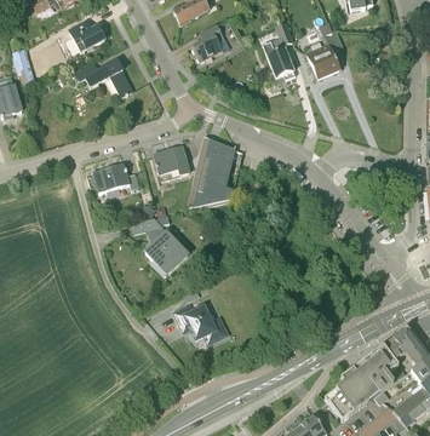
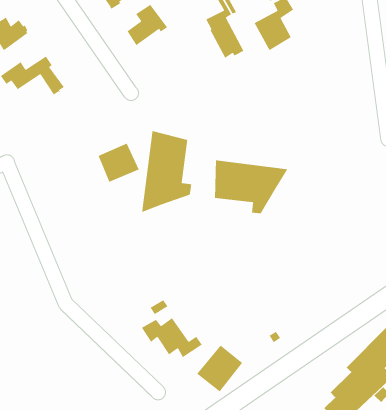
building: [92,161,139,193] -> none
building: none -> [214,160,289,214]
building: [131,213,189,270] -> none
building: none -> [196,344,243,392]

